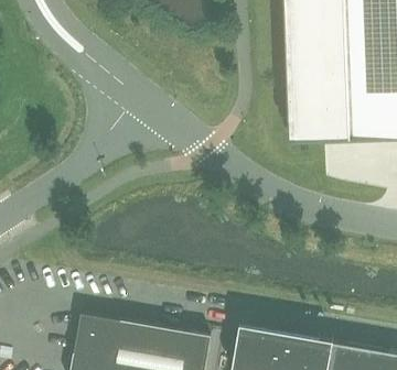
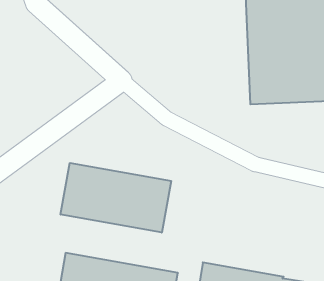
building: none -> [61,163,171,233]

